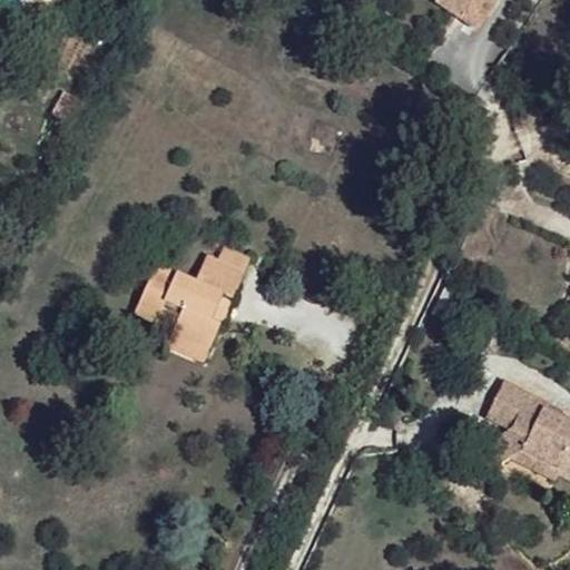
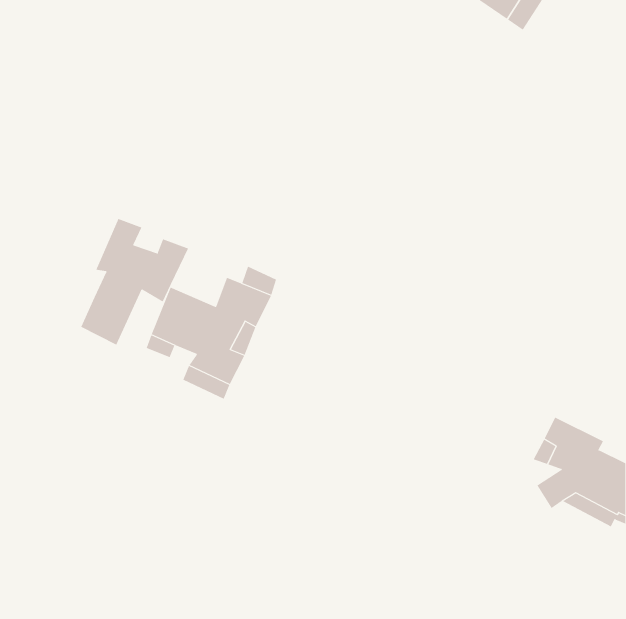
building: none -> [81,218,189,345]

